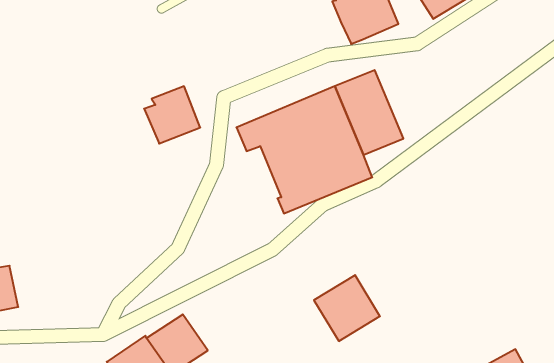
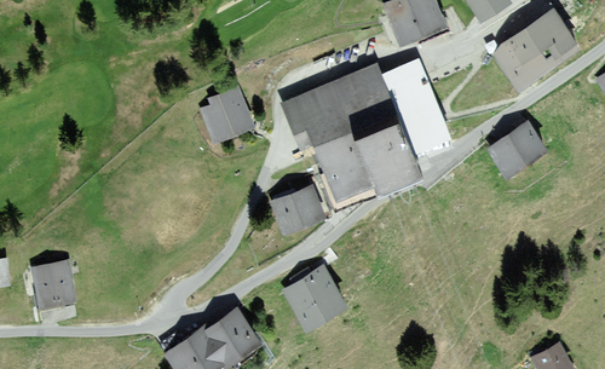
building: none -> [494,10,580,90]
building: none -> [280,58,424,126]
building: none -> [486,120,548,178]
building: none -> [275,186,323,231]
building: [314,275,380,341] -> [283,265,347,329]

